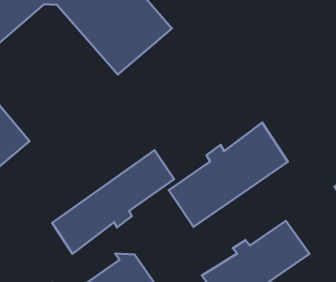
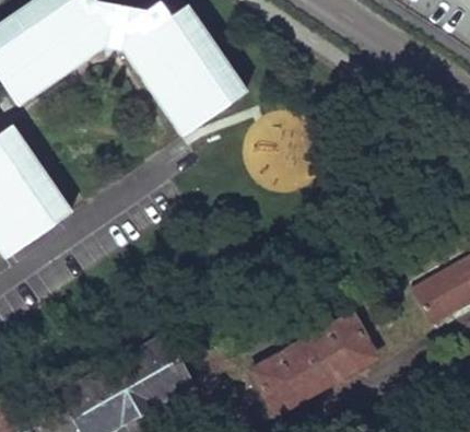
building: [169,122,288,227] -> none
building: [52,150,174,254] -> none

